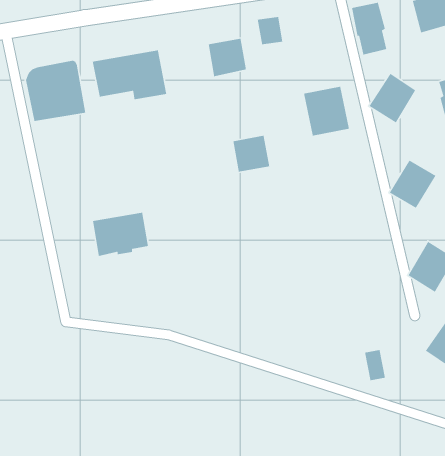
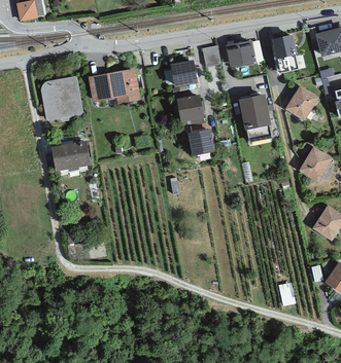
building: none -> [226,39,255,67]
building: none -> [176,94,204,121]
building: [92,212,149,257] -> [50,140,91,172]

